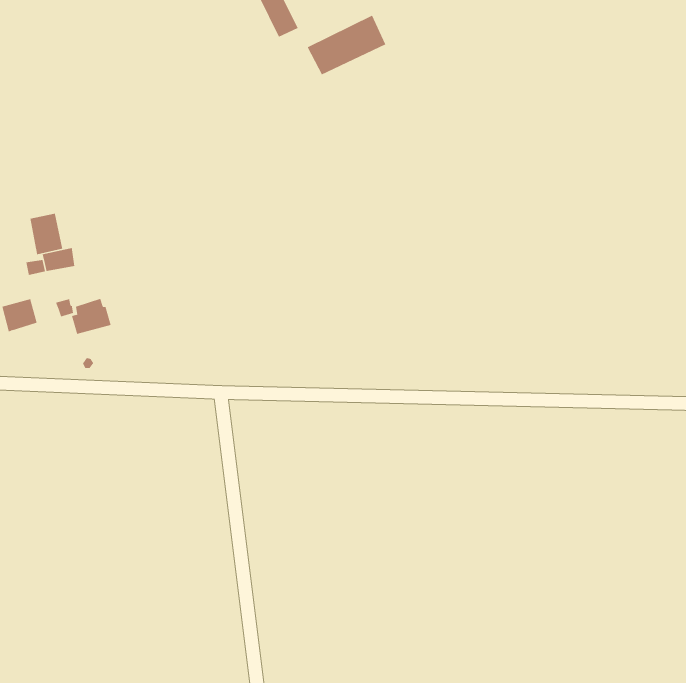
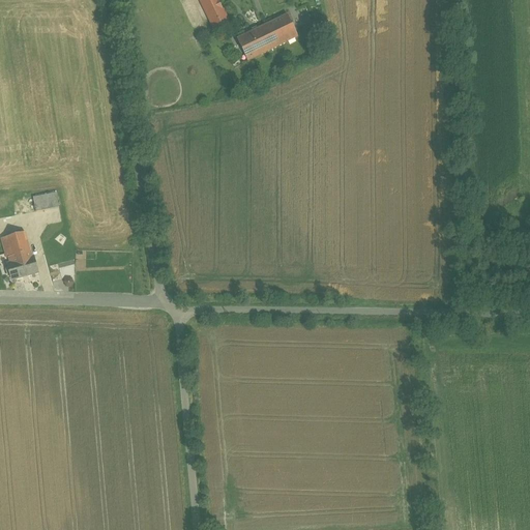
building: [30,213,63,255] -> none
building: [71,298,111,335] -> [6,248,37,276]

